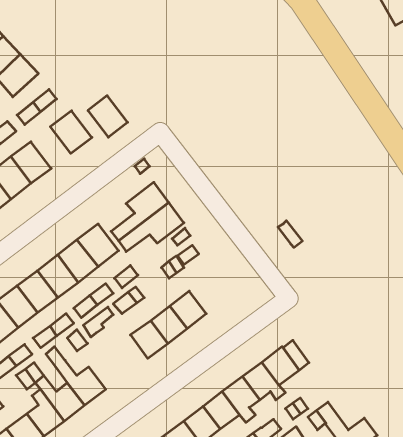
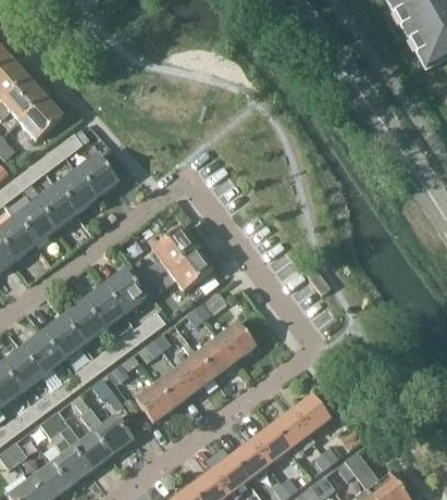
building: [88,96,128,137] -> [54,171,95,213]
building: none -> [215,323,253,361]
building: none -> [135,383,173,422]

